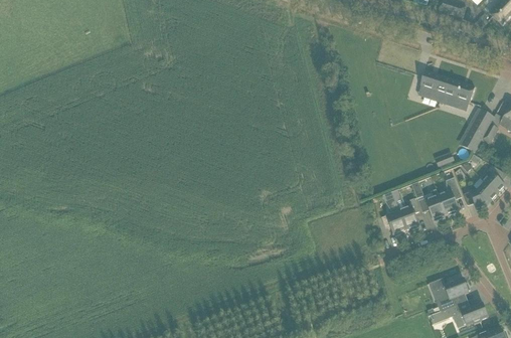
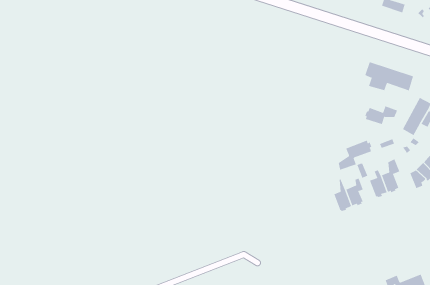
building: none -> [364,105,398,125]
building: none -> [338,140,372,171]
building: [439,279,470,311] -> none

